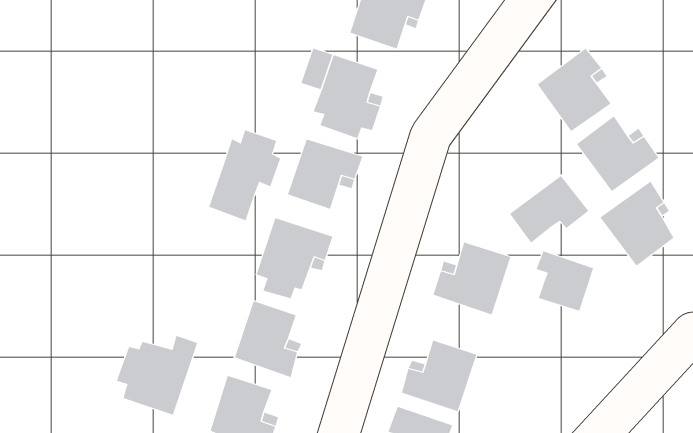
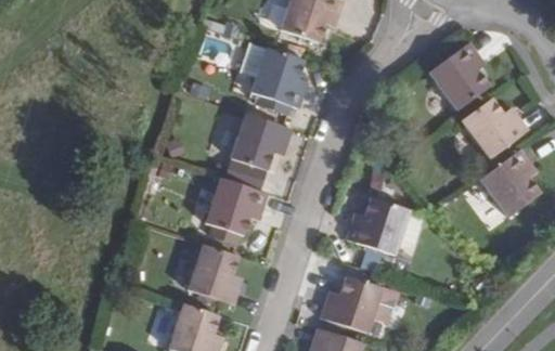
building: [209,130,281,221] -> none
building: [509,175,589,244] -> none
building: [536,250,594,312] -> none
building: [116,335,198,415] -> none

